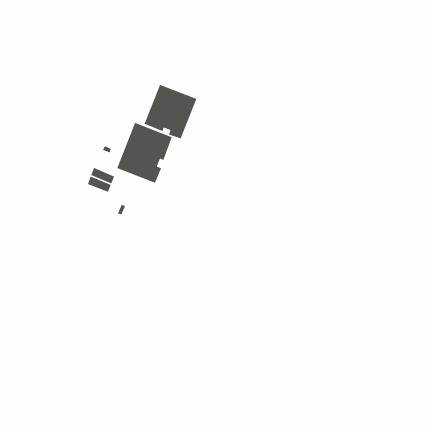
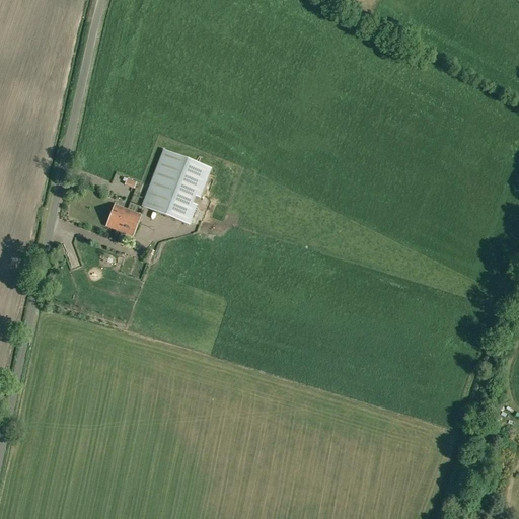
building: [144,84,197,140] -> none

